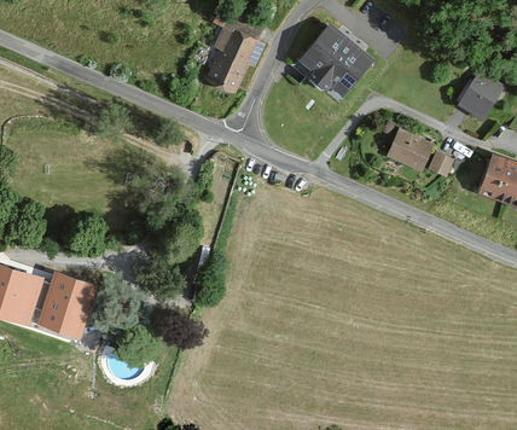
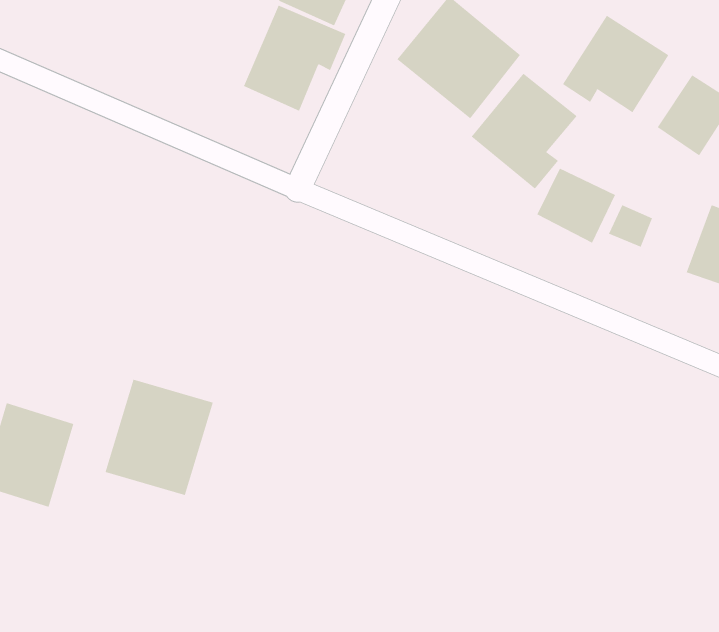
building: none -> [562,15,669,113]
building: none -> [471,73,577,189]
building: none -> [105,379,213,496]

